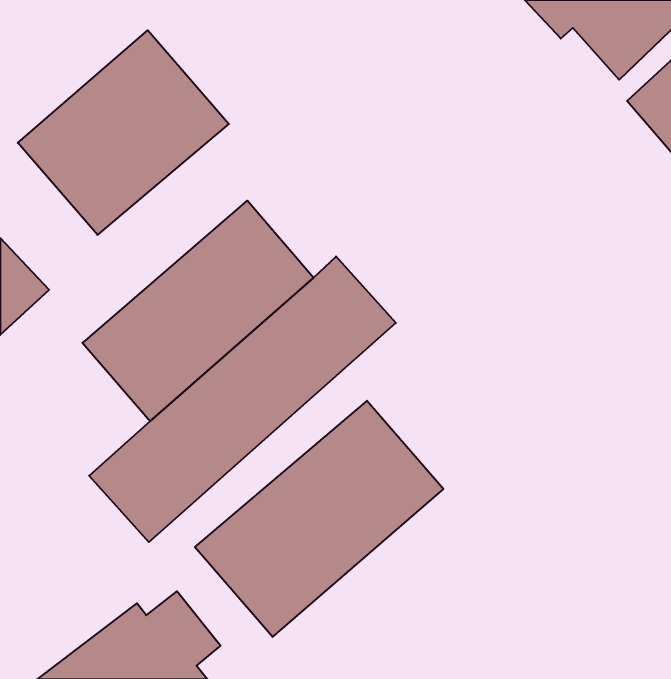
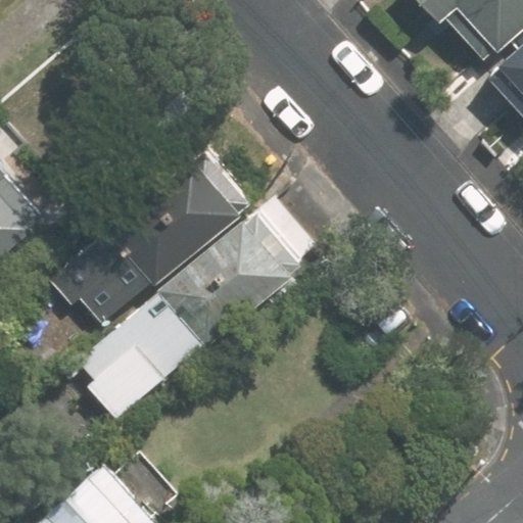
building: [18,30,229,235] -> none
building: [195,401,443,637] -> none

